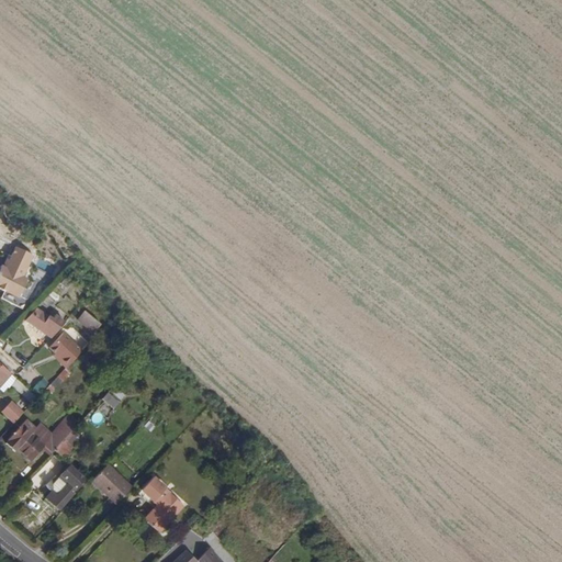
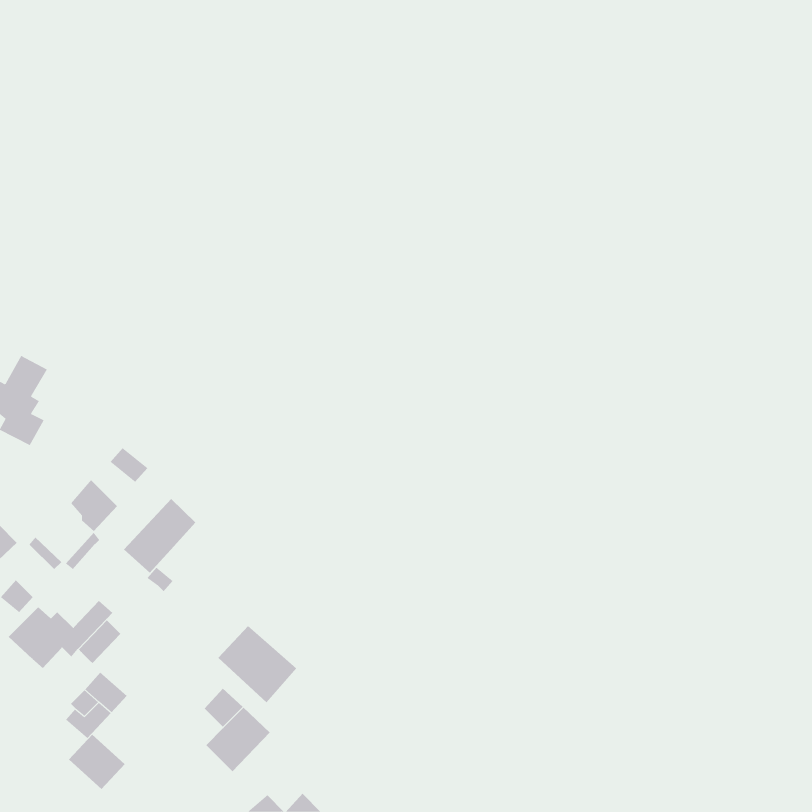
building: [23,307,67,337] -> none
building: none -> [123,498,196,573]
building: none -> [217,625,297,703]
building: [91,464,131,503] -> [68,734,126,790]

